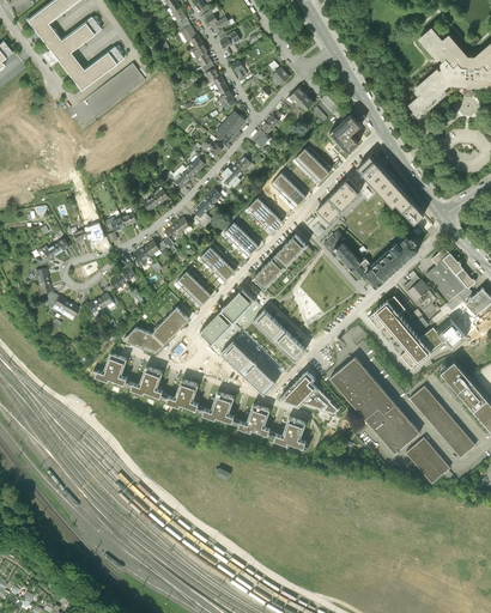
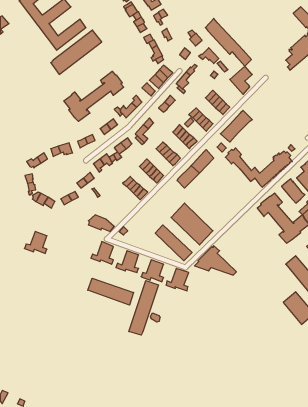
building: none -> [64,71,124,121]
building: [358,156,424,224] -> [205,18,251,66]
building: [201,287,255,344] -> none
building: [152,306,189,344] -> none
building: [95,353,127,384] -> [24,232,47,253]
building: [331,357,420,454] -> none
building: [274,417,305,448] -> none
building: none -> [88,278,134,305]
building: none -> [129,281,158,335]

